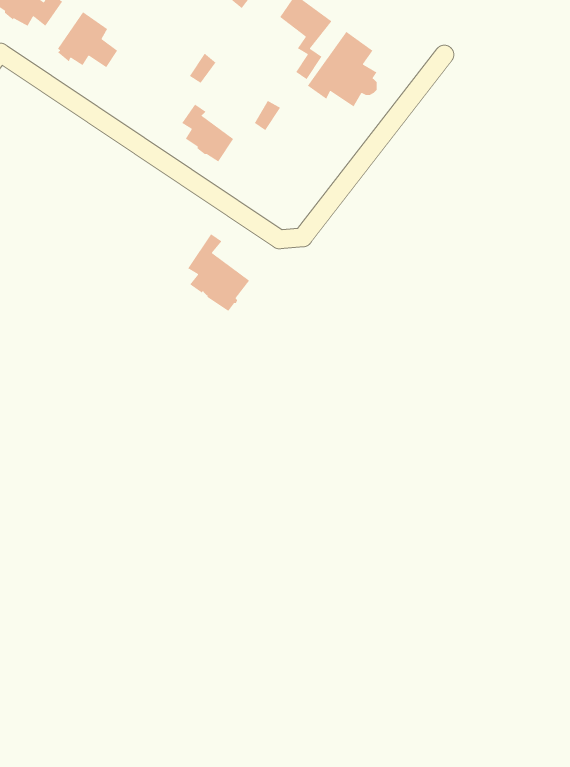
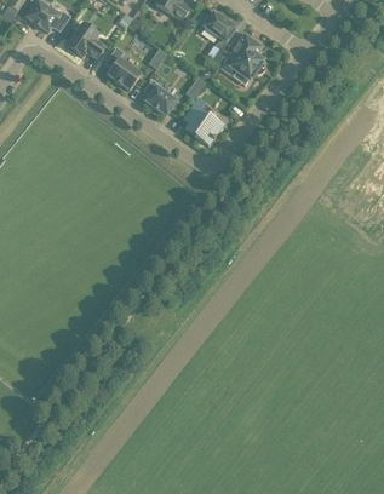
building: none -> [103,46,139,90]
building: [187,233,250,312] -> [182,97,220,145]

